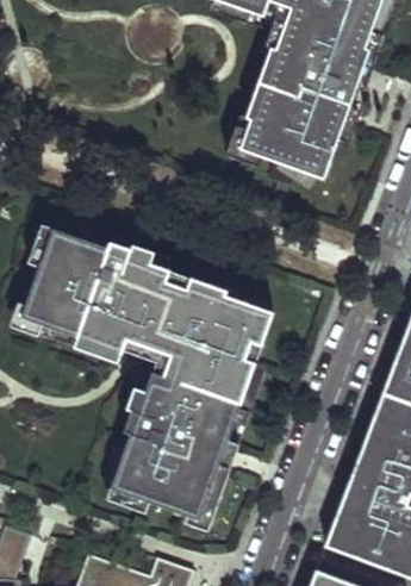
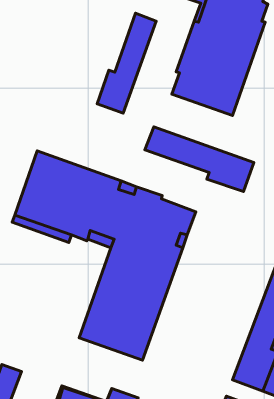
building: none -> [97,13,156,113]
building: none -> [145,127,254,192]

